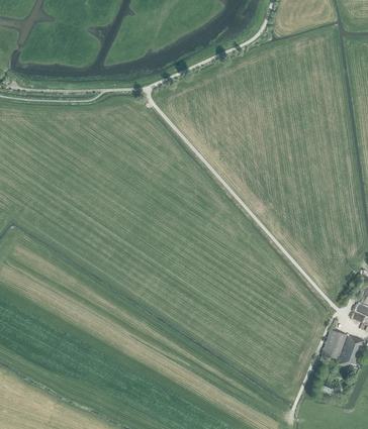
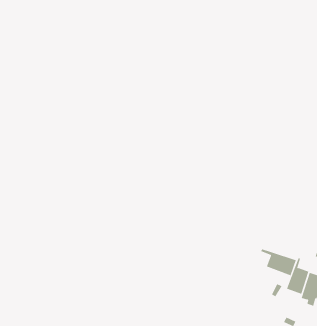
building: none -> [261,249,297,276]

